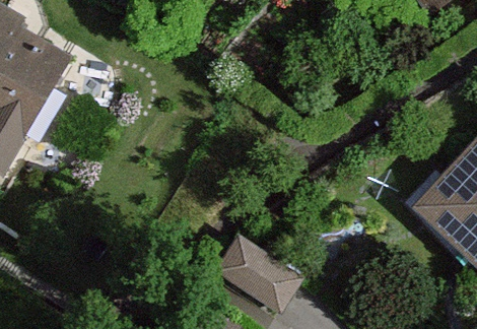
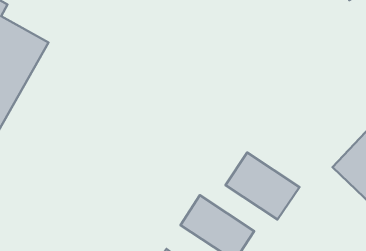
building: none -> [225,153,299,220]

